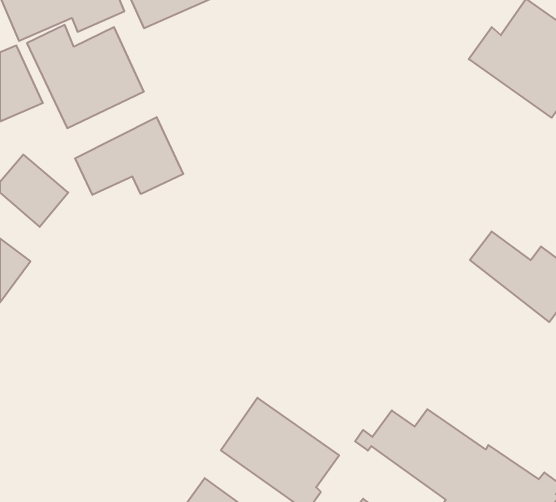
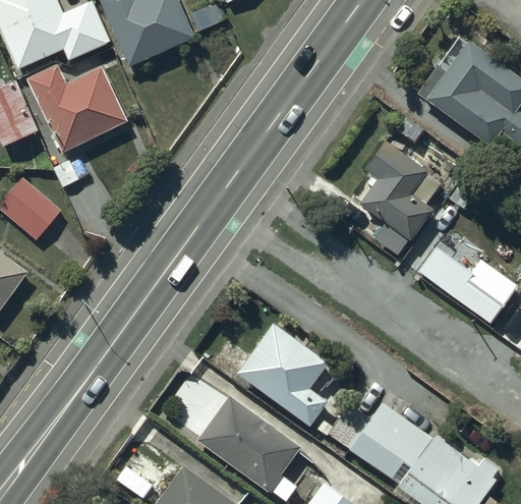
building: none -> [359,136,441,257]
building: [75,117,183,195] -> none
building: none -> [236,320,329,426]

